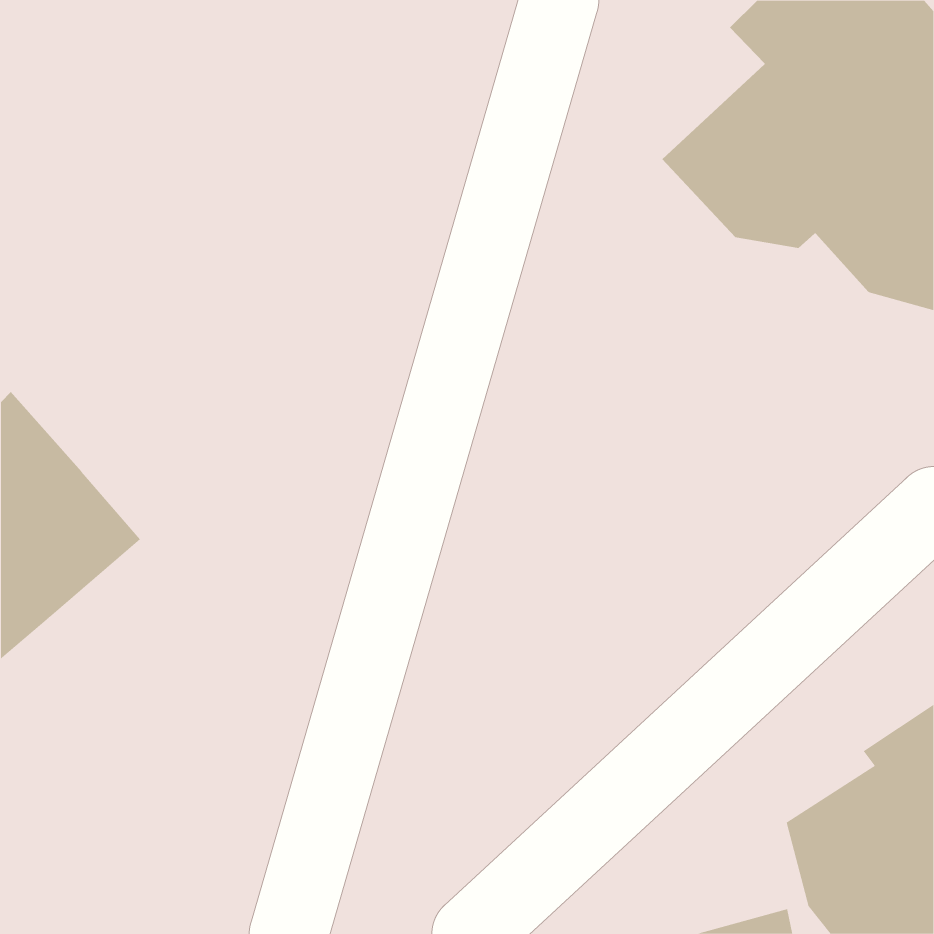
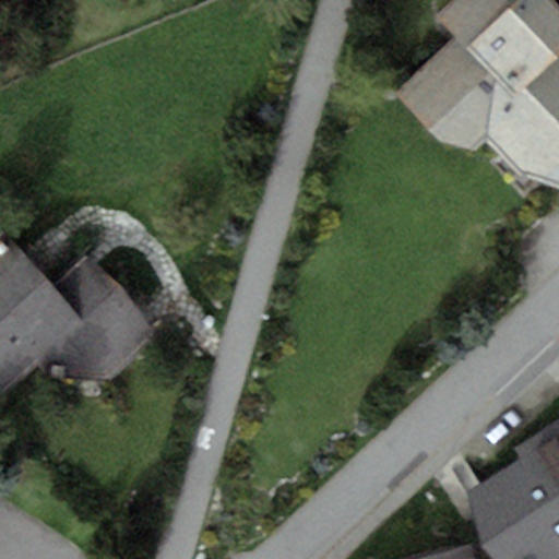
building: none -> [29,250,162,380]

